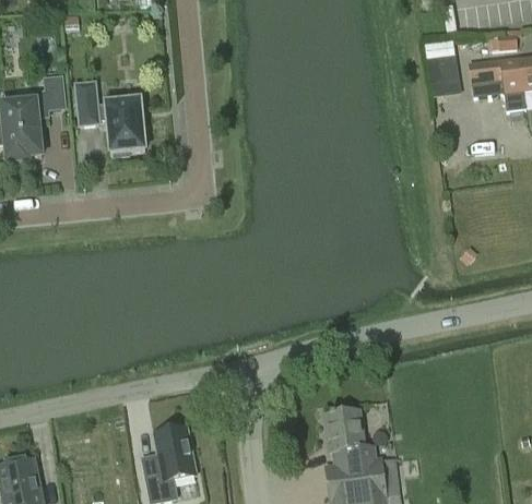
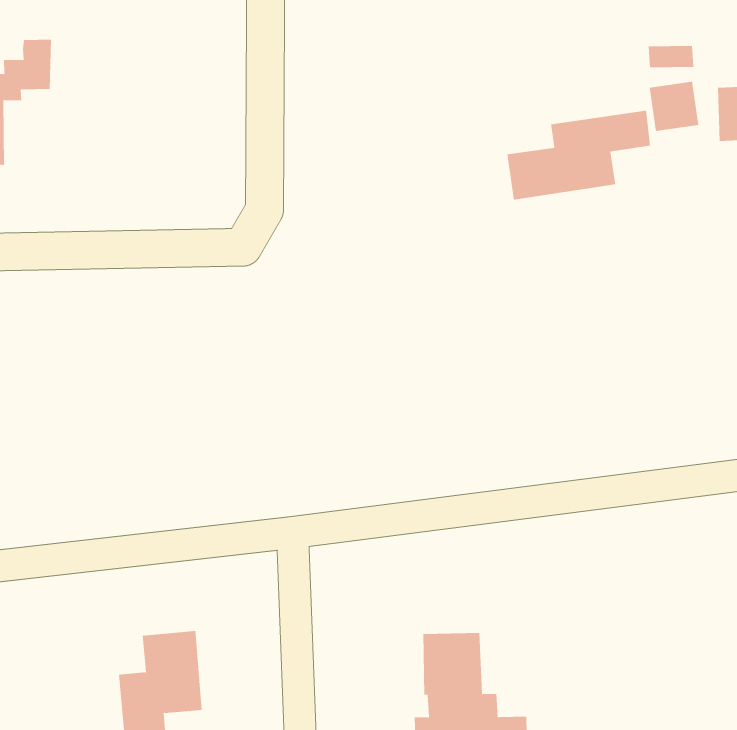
building: none -> [507,110,650,201]
building: [75,82,145,155] -> none

